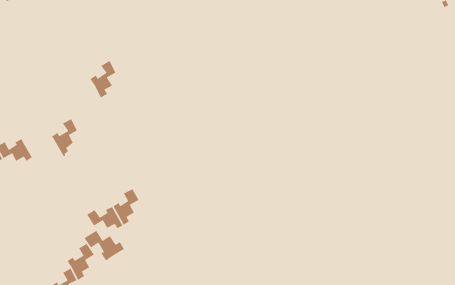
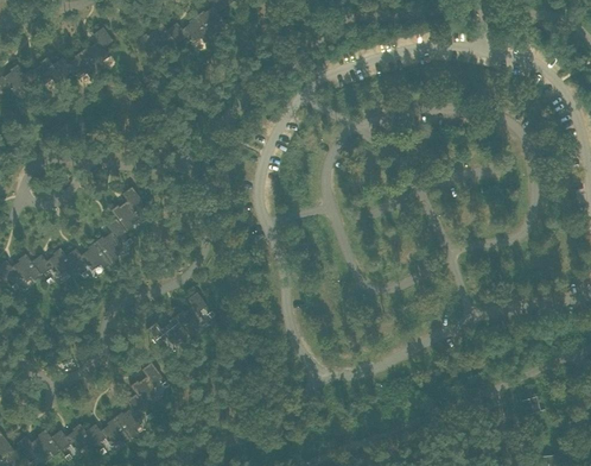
building: [90,60,117,98] -> [109,187,140,233]
building: none -> [64,243,110,271]
building: [83,230,125,262] -> none

